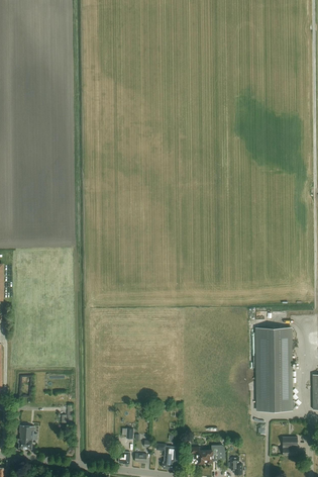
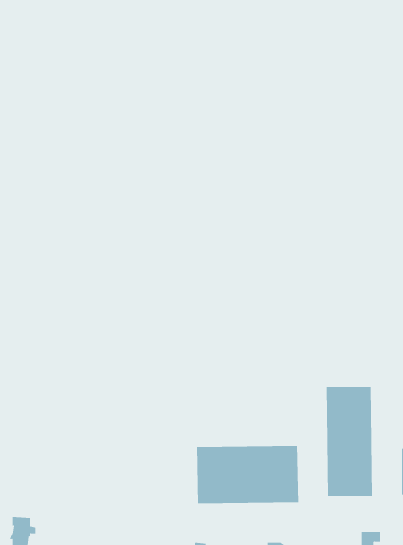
building: none -> [196,445,299,504]

